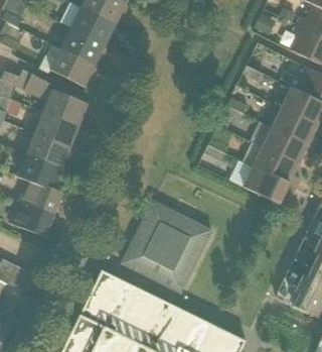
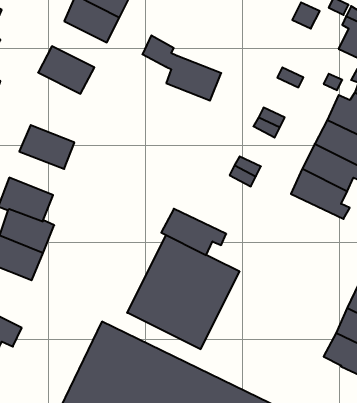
building: [60,27,105,65] -> none
building: [24,73,88,125] -> [142,35,221,101]
building: [26,132,70,167] -> none
building: [243,166,295,204] -> [161,209,226,255]

